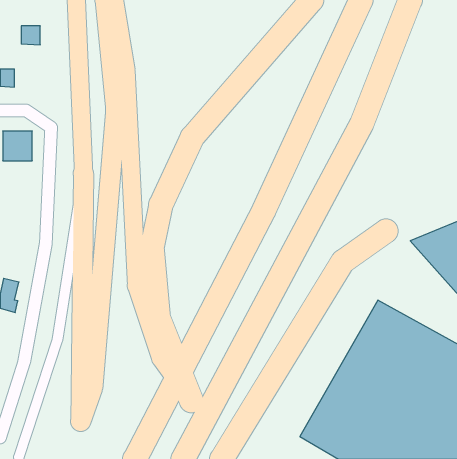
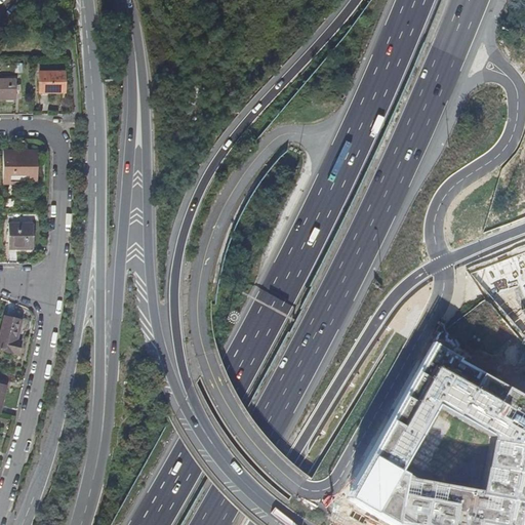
building: [21,26,40,45] -> [41,71,63,92]
building: none -> [11,224,36,251]

